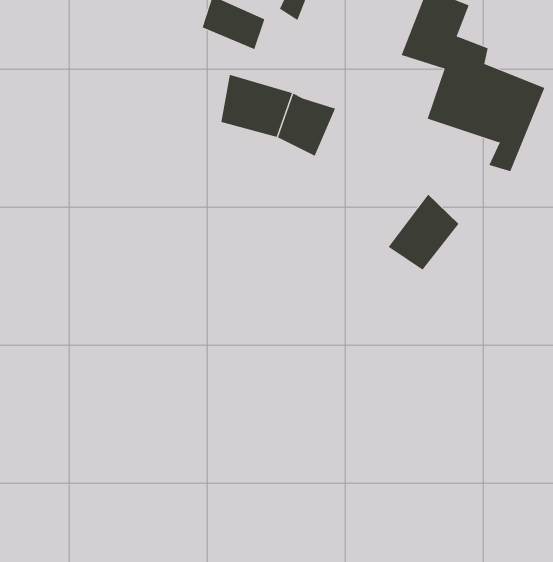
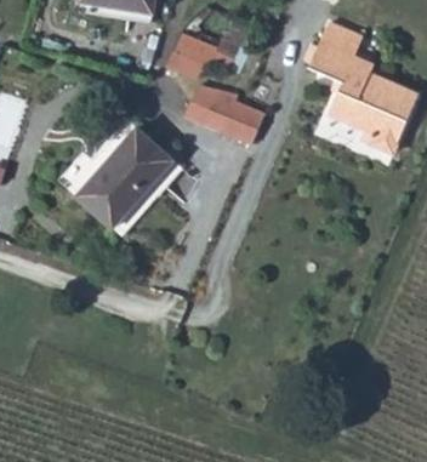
building: none -> [58,122,177,230]
building: [388,194,459,271] -> none

